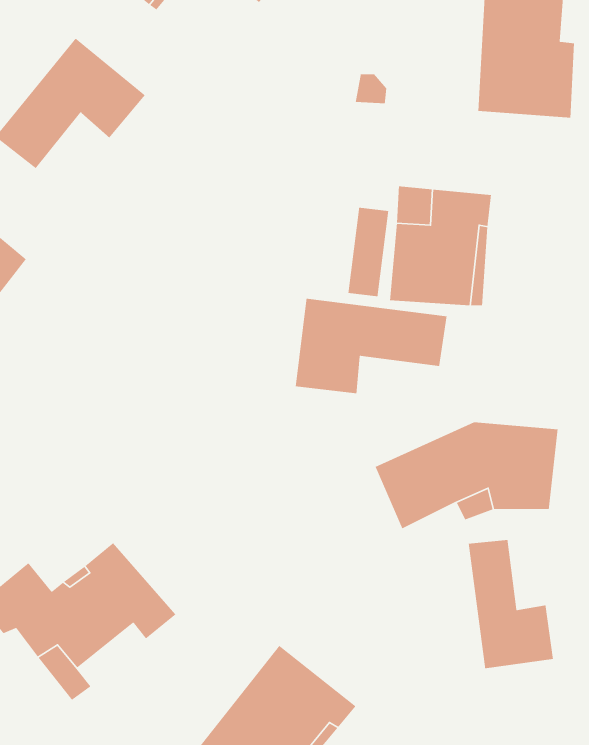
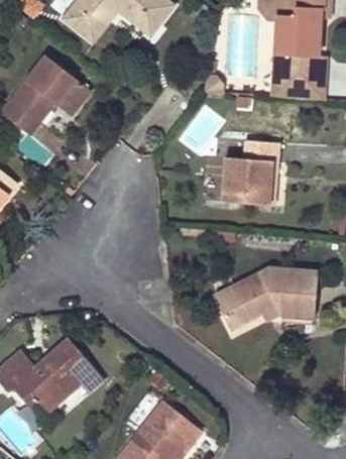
building: [295,298,447,394] -> none
building: [468,539,554,669] -> none

